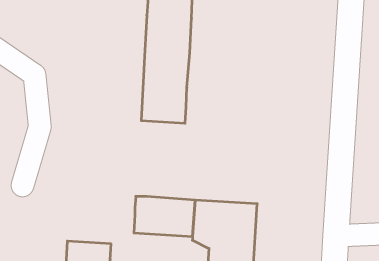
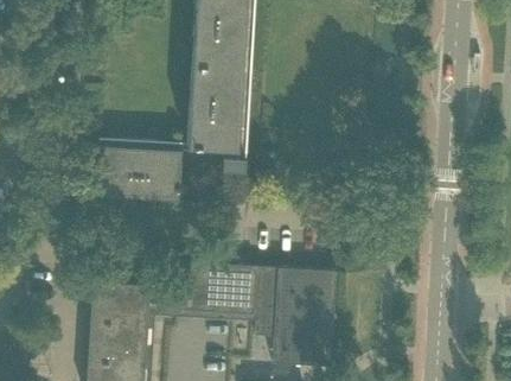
building: none -> [95,145,181,201]
building: none -> [90,272,178,324]

